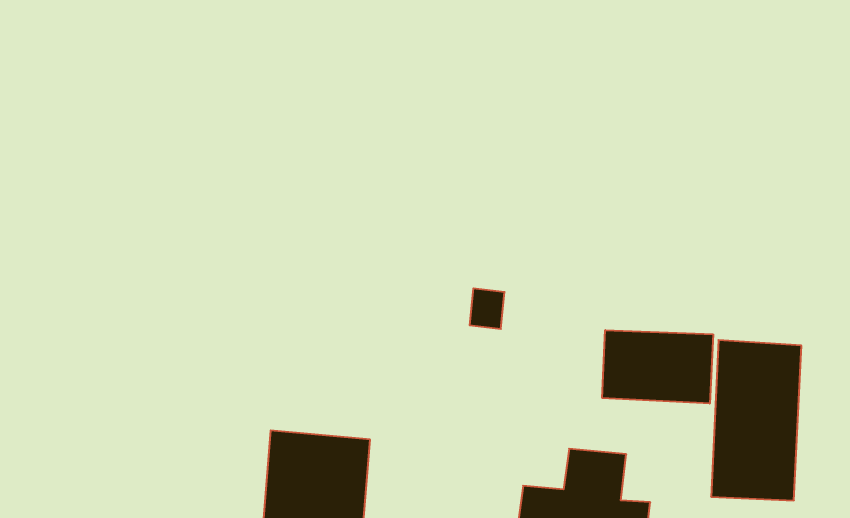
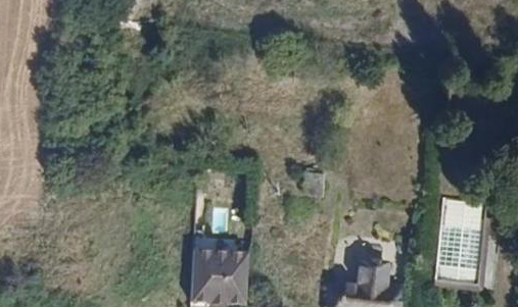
building: [602,330,713,404] -> none

